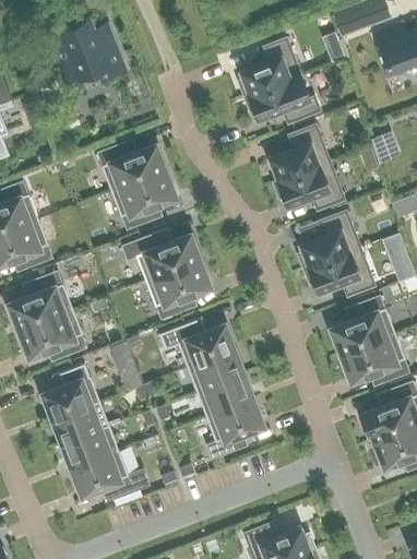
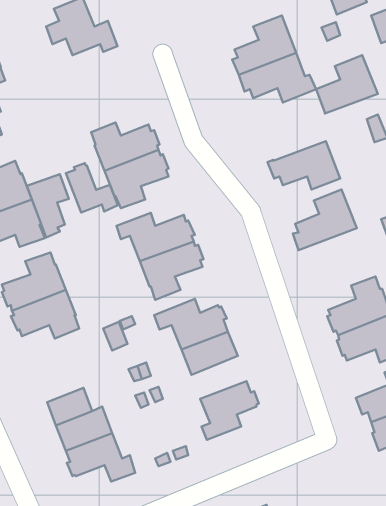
building: [270,124,331,182] -> [316,55,378,114]
building: none -> [66,163,118,212]
building: none -> [27,174,69,237]
building: [303,249,376,297] -> none
building: [43,365,100,421] -> none
building: [198,376,252,418] -> none

